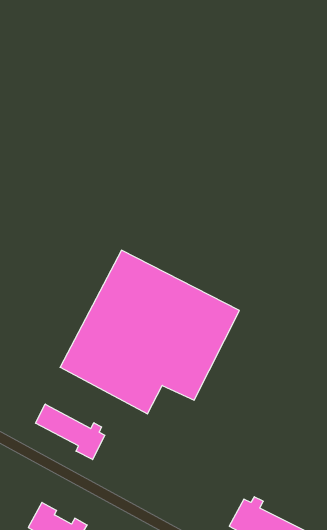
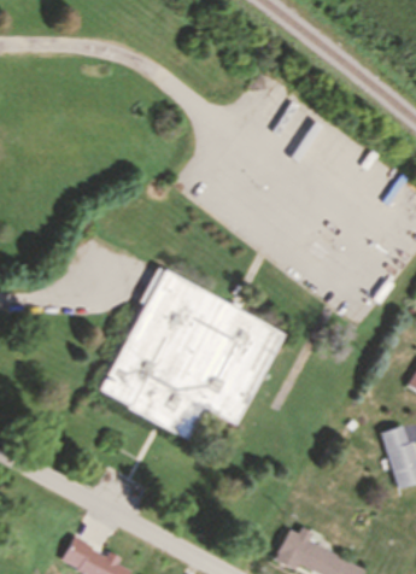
building: [36,404,105,460] -> none

